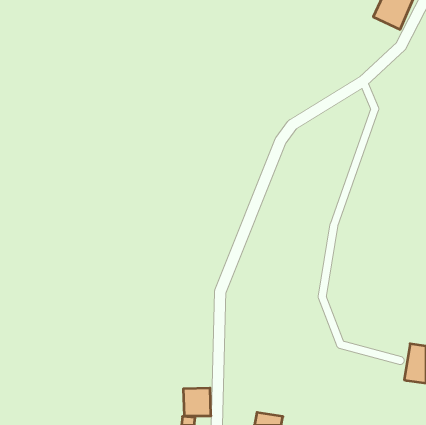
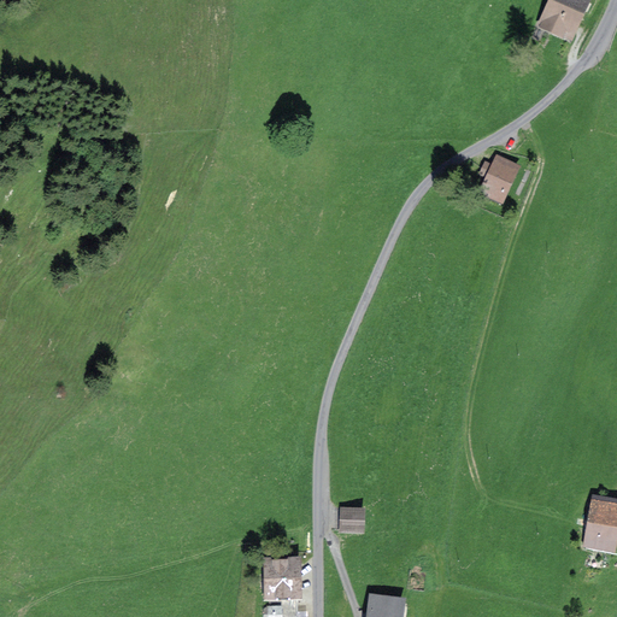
building: none -> [480,154,521,204]
building: none -> [339,506,366,533]

